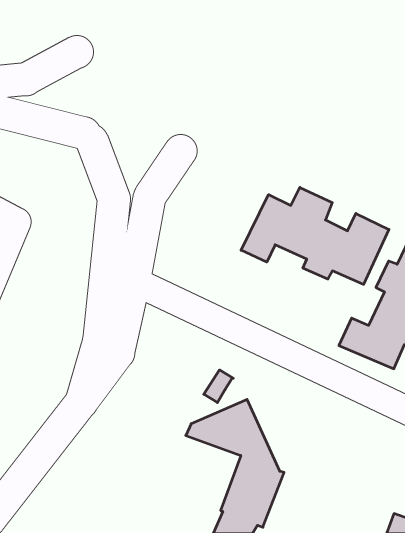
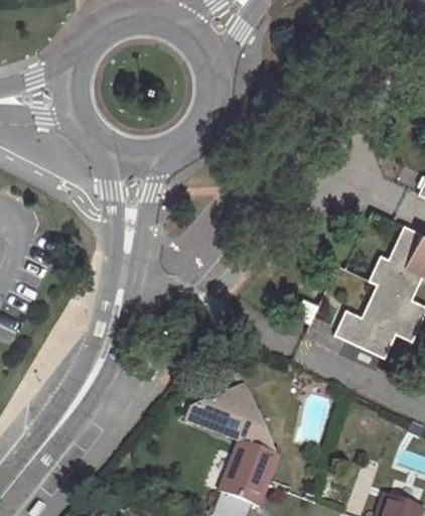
building: [241,187,389,284] -> none

